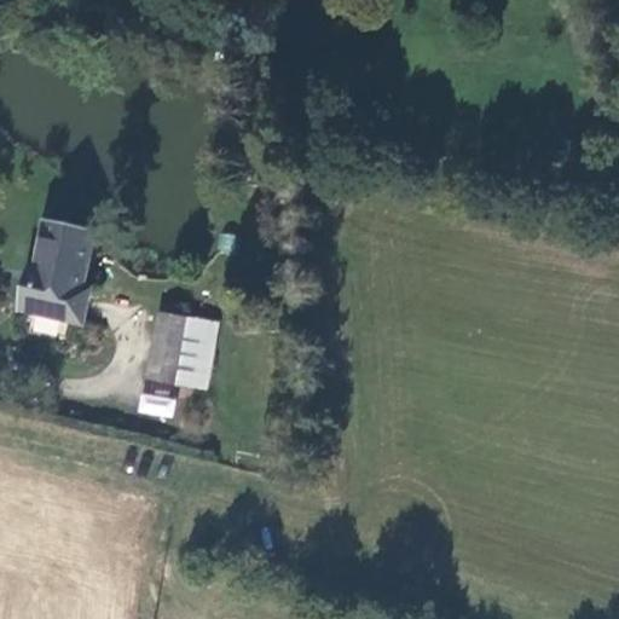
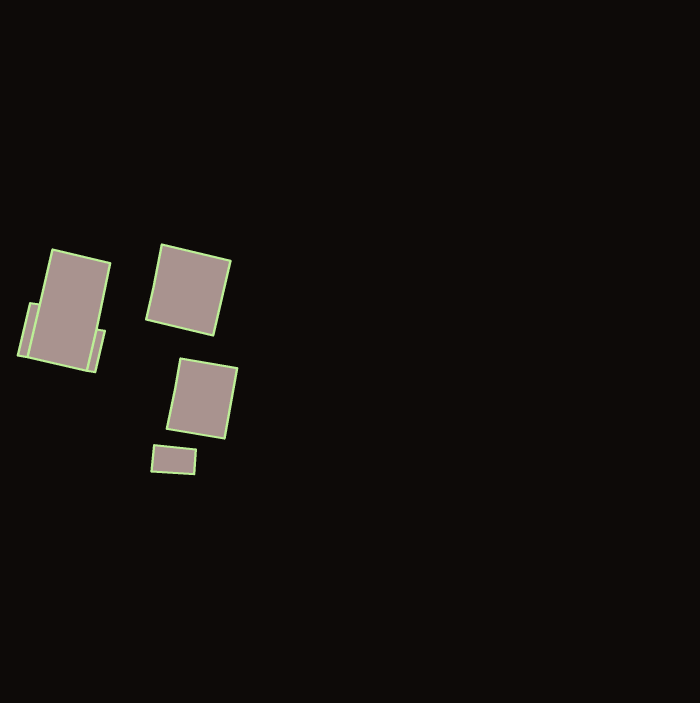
building: none -> [146,245,230,335]

